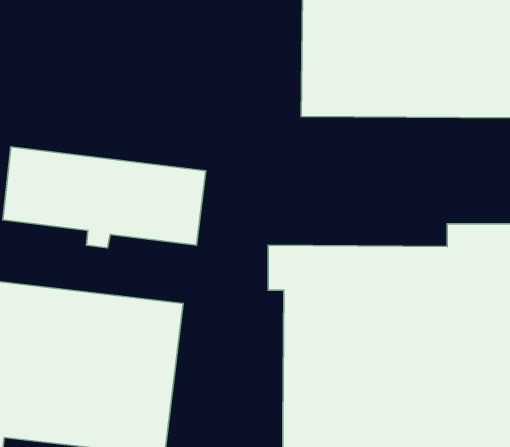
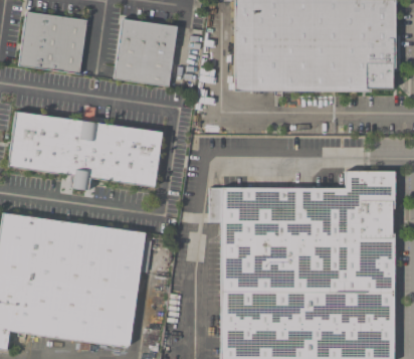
building: none -> [18,11,87,73]
building: none -> [113,19,178,85]

